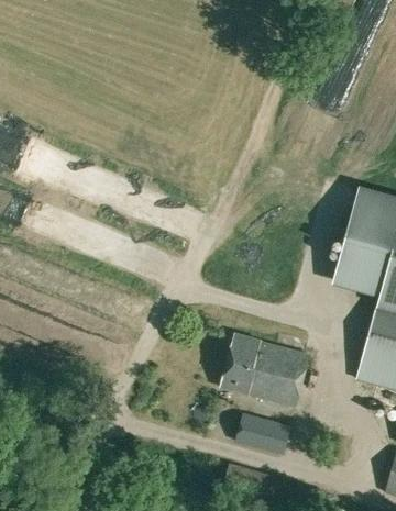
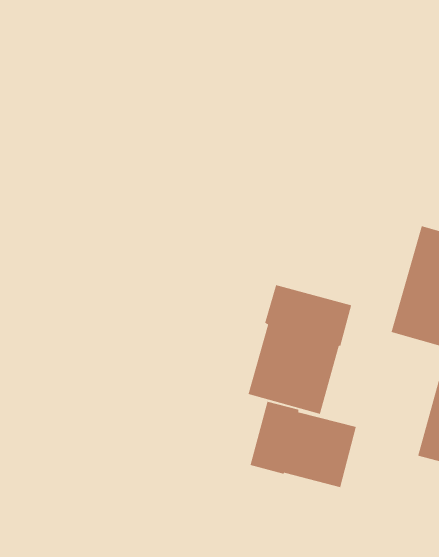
building: none -> [247,284,352,415]
building: [235,413,289,454] -> none

